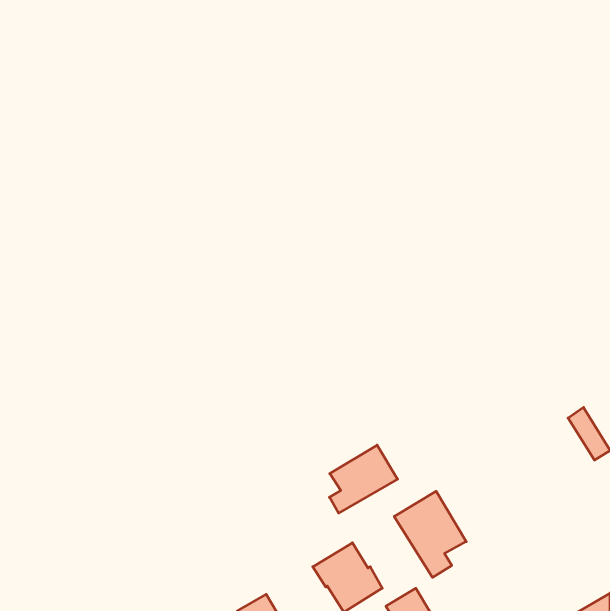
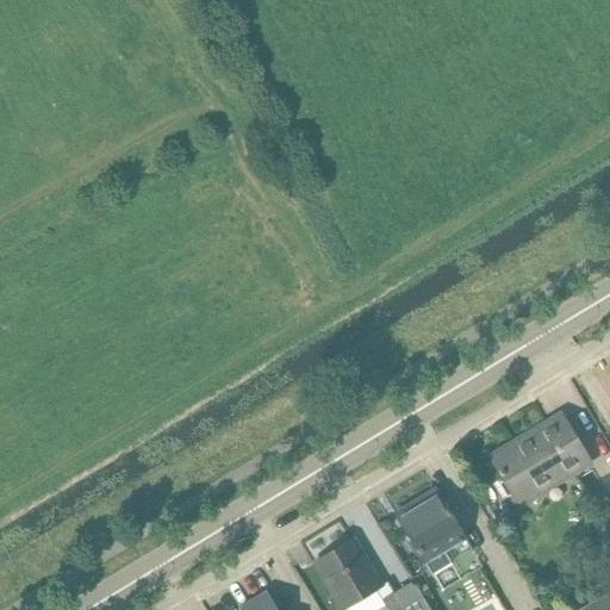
building: none -> [487,416,587,506]
building: [329,445,398,513] -> none

